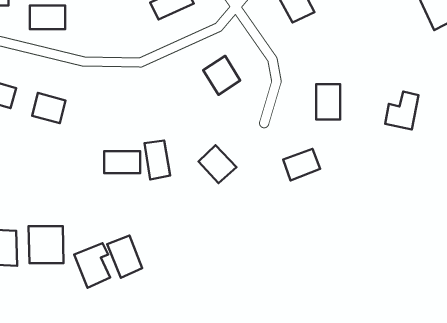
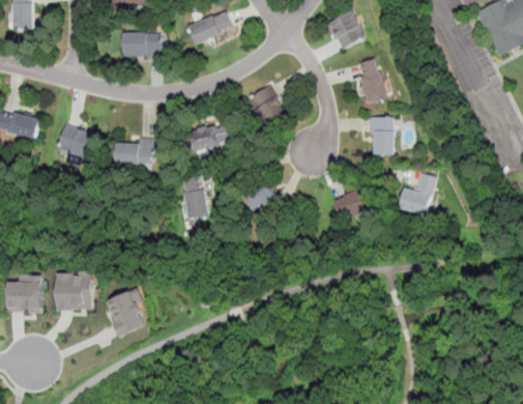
building: [30,6,65,29] -> [123,30,162,56]
building: none -> [357,57,388,103]
building: none -> [190,120,234,150]
building: [385,91,418,129] -> [400,172,436,213]
building: [104,151,140,173] -> [115,141,154,165]
building: [107,235,142,278] -> none

